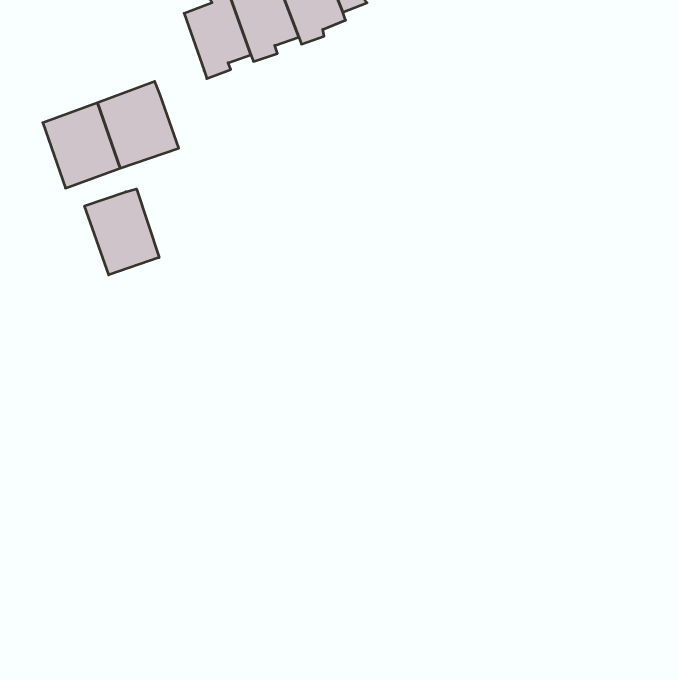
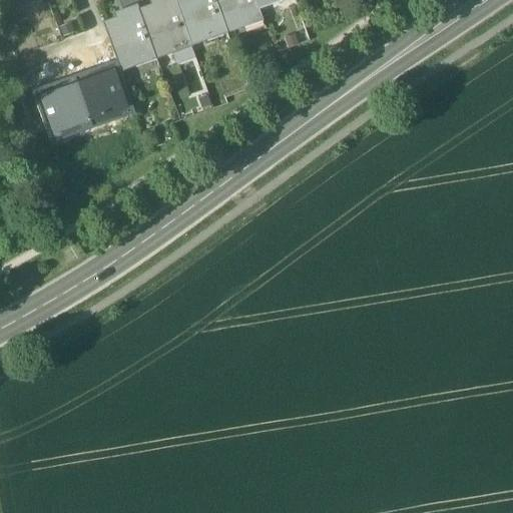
building: none -> [104,5,155,71]
building: [85,189,159,275] -> none

